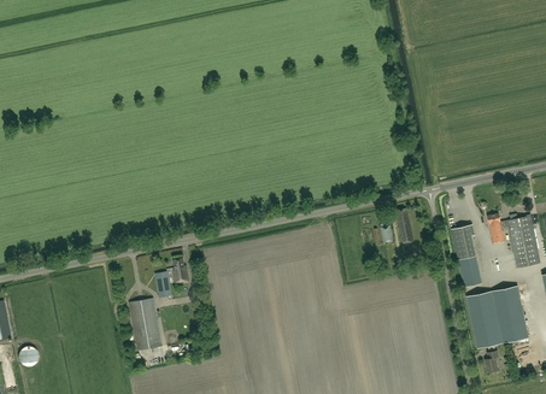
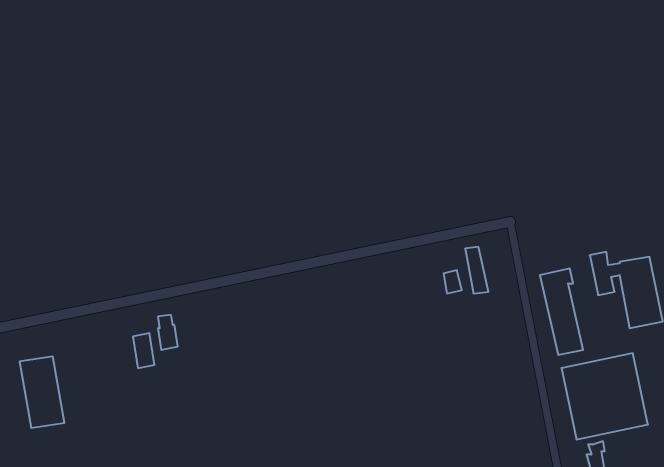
building: [128,299,160,351] -> [20,356,64,428]

